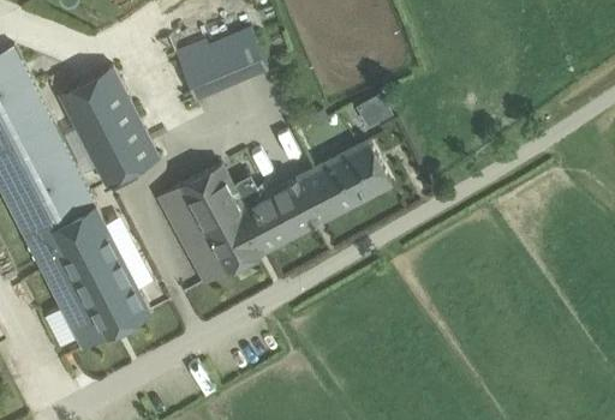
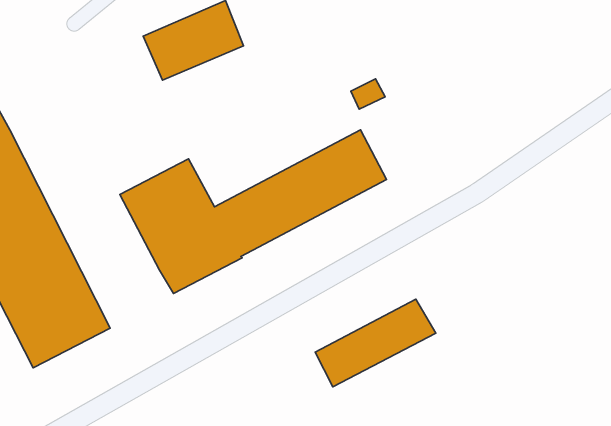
building: [59,67,160,186] -> none
building: none -> [315,299,436,387]

